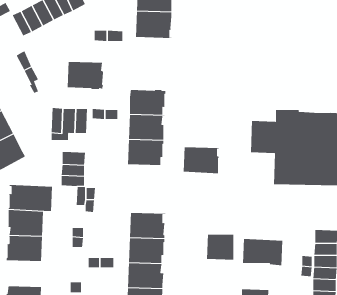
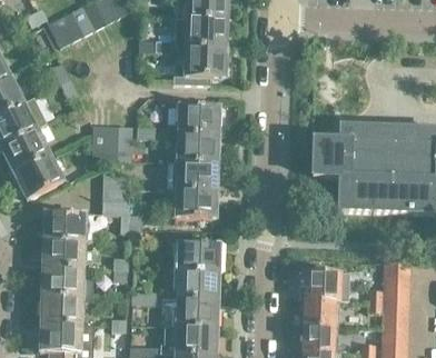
building: [67,61,105,90] -> [184,47,226,78]
building: [183,147,220,174] -> [175,188,216,218]
building: [206,234,234,260] -> [303,298,334,327]
building: none -> [40,295,81,324]

